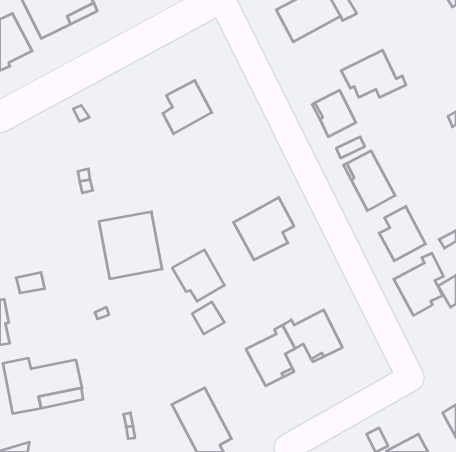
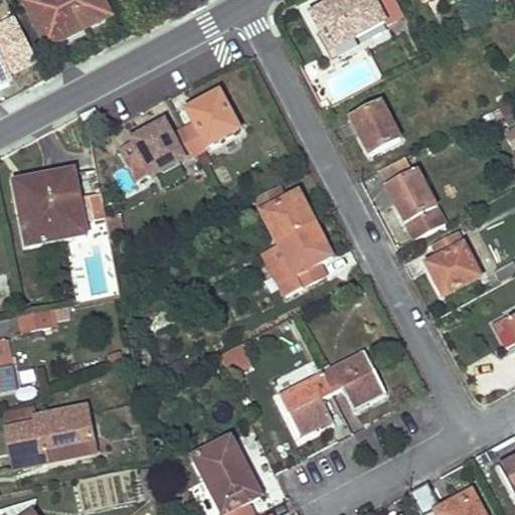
building: [341,50,406,97] -> none
building: none -> [122,121,195,178]
building: none -> [255,186,314,242]
building: [99,212,162,279] -> [14,168,85,243]
building: [172,250,225,301] -> none
building: [394,253,443,315] -> none

